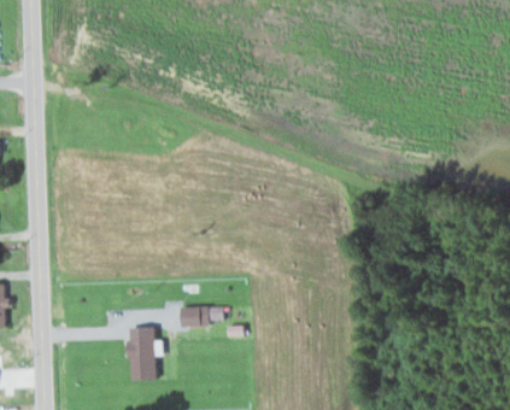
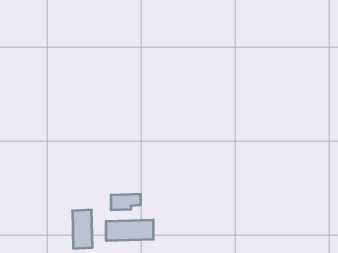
building: none -> [106,220,153,241]

